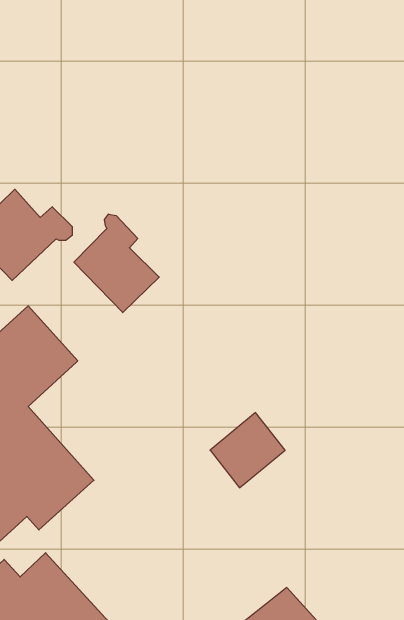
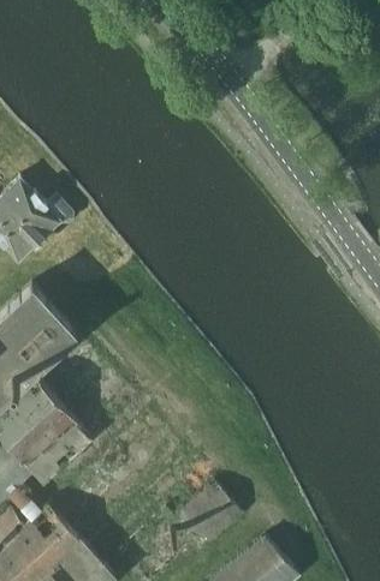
building: [74,214,159,313] -> none
building: [210,413,285,488] -> [177,483,244,550]

